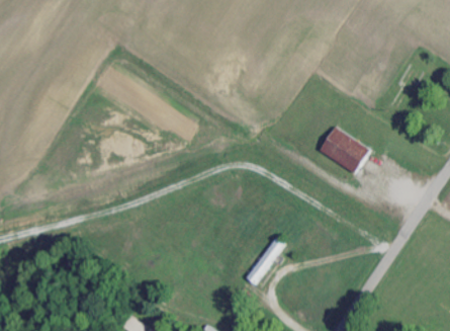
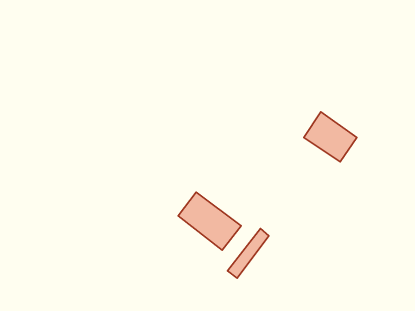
building: none -> [178,192,241,250]

